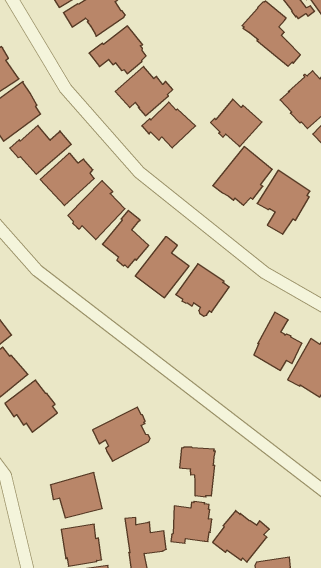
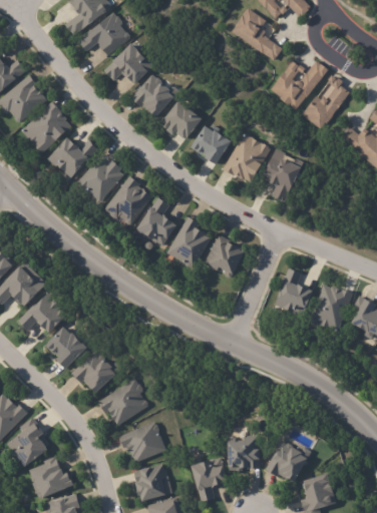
building: [211,99,262,147] -> [188,124,232,163]
building: [93,407,150,461] -> [99,378,148,426]
building: [180,447,215,497] -> none

